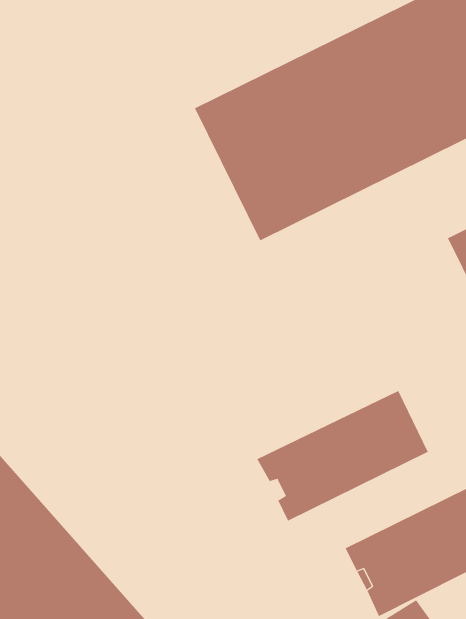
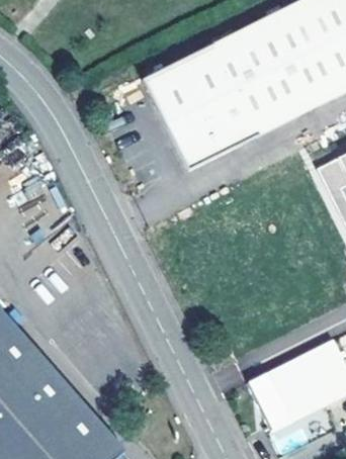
building: [257,390,429,522] -> none

